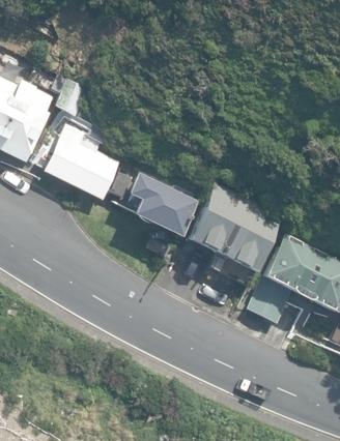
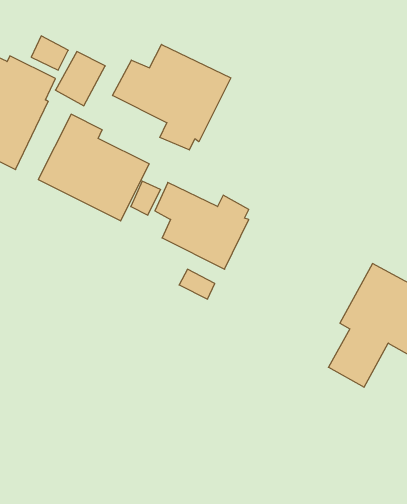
building: none -> [113,44,231,150]
building: [189,181,285,271] -> none

